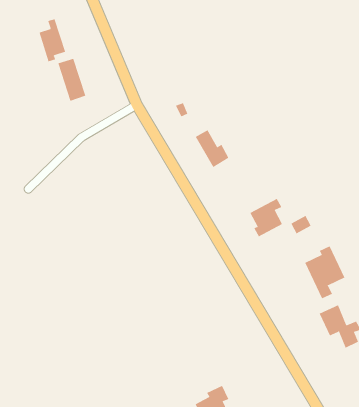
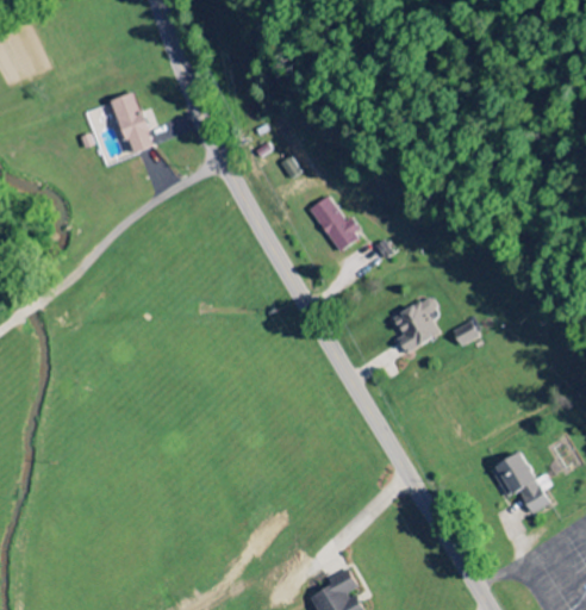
building: [39,18,66,62] -> none
building: [305,245,345,299] -> none

